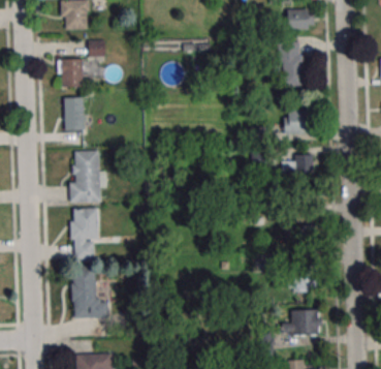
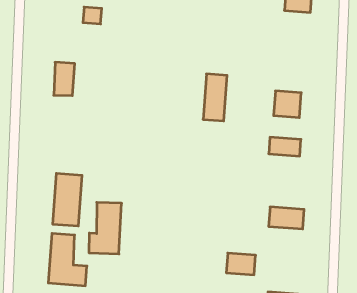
building: [281,40,301,86] -> [203,74,227,121]
building: [60,58,84,86] -> none
building: [68,150,99,202] -> [89,202,122,254]
building: [291,269,319,288] -> [226,253,256,275]

